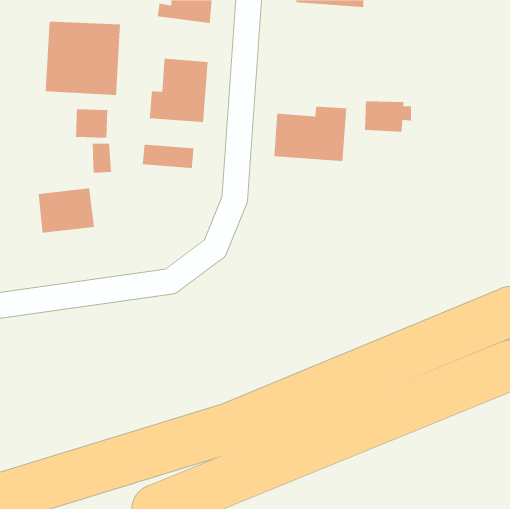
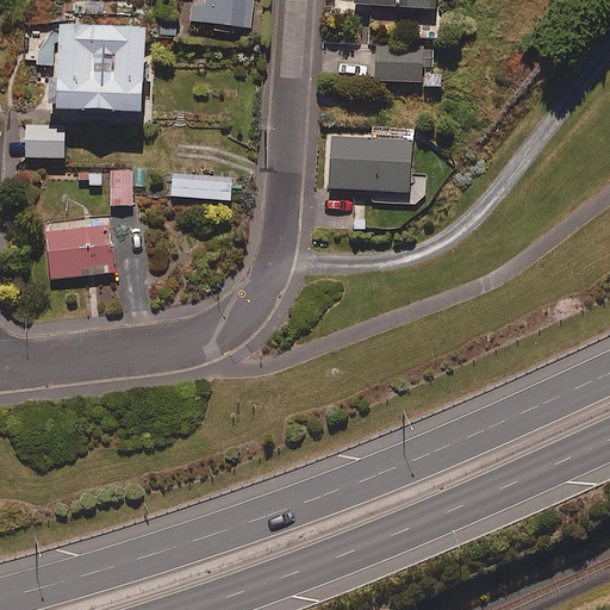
building: [149,58,209,123] -> none
building: [364,101,412,132] -> [375,43,432,81]
building: [75,109,108,139] -> [25,123,64,158]

